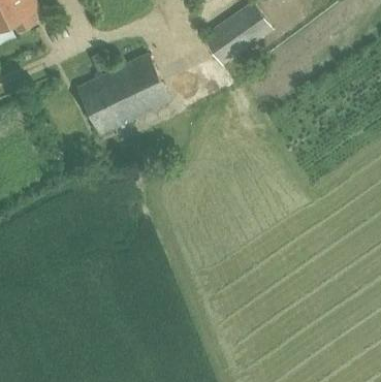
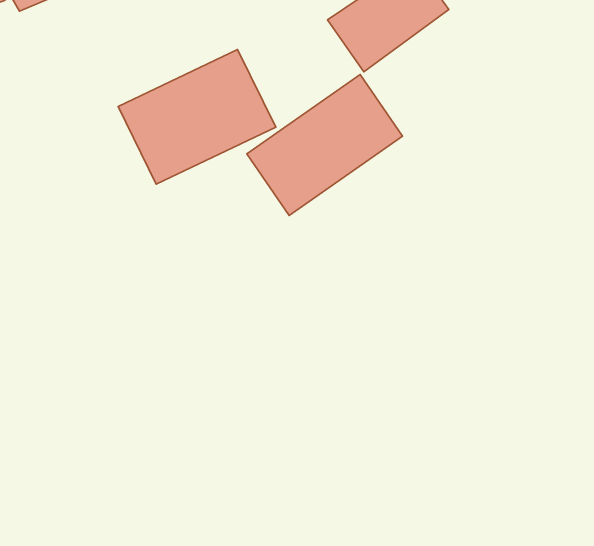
building: none -> [247,74,403,215]

